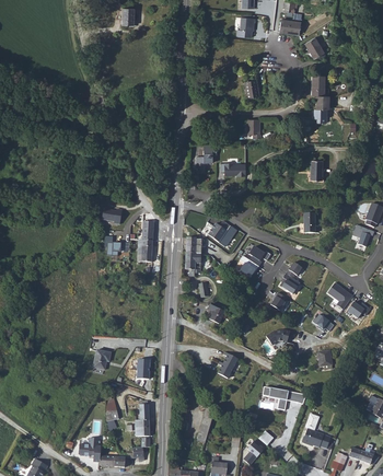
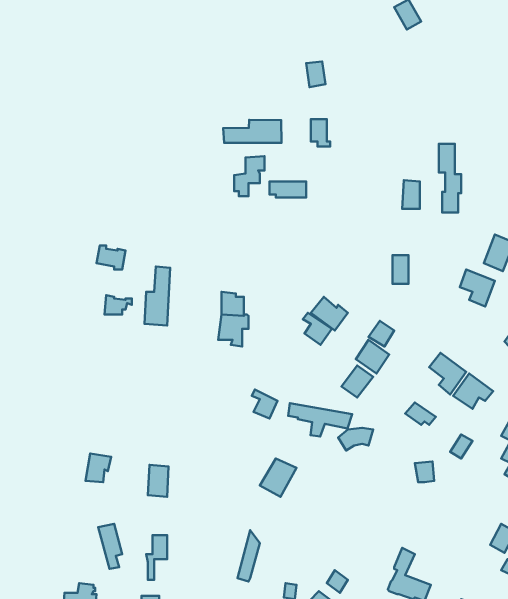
building: [312,77,327,124] -> [439,144,461,212]
building: none -> [223,120,281,143]
building: [207,223,236,249] -> none
building: [262,387,305,410] -> [288,403,352,437]

